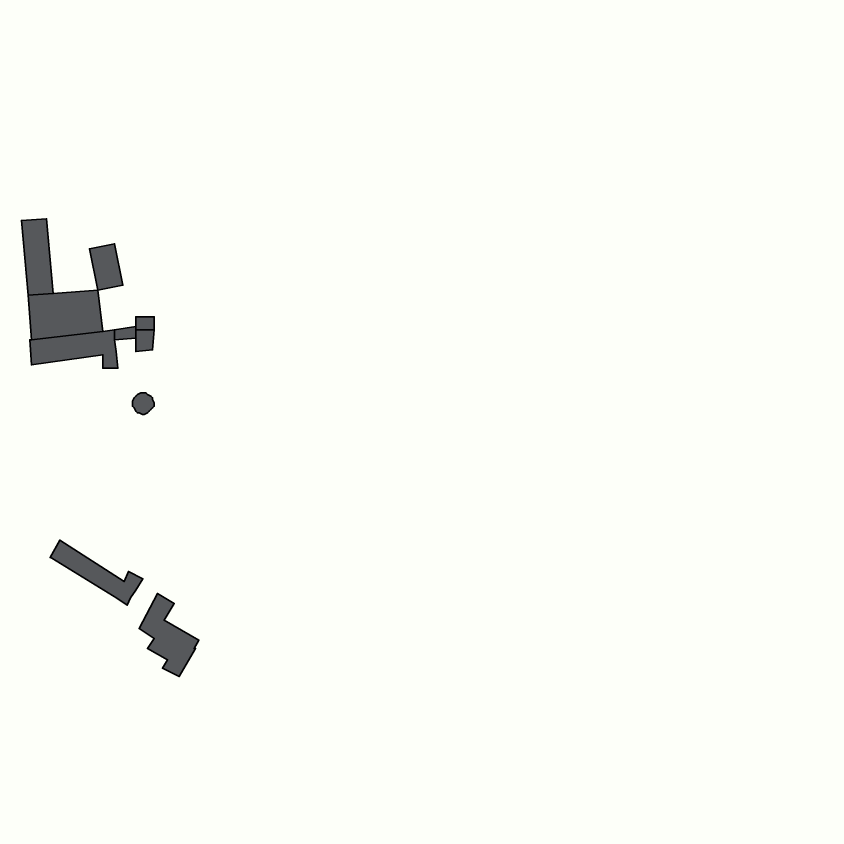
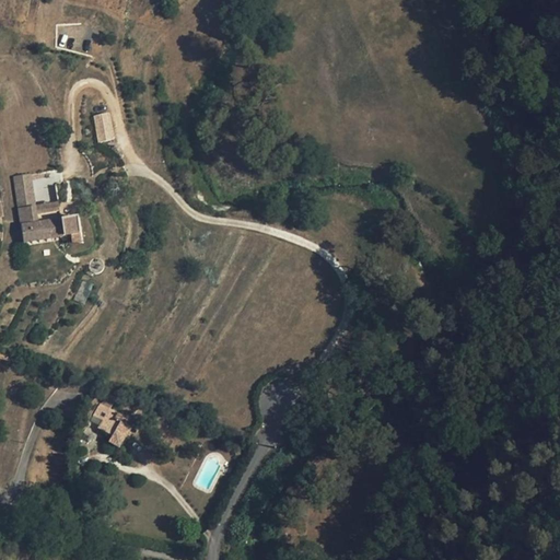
building: [90,244,123,290] -> [91,114,113,144]
building: [50,540,143,605] -> none

